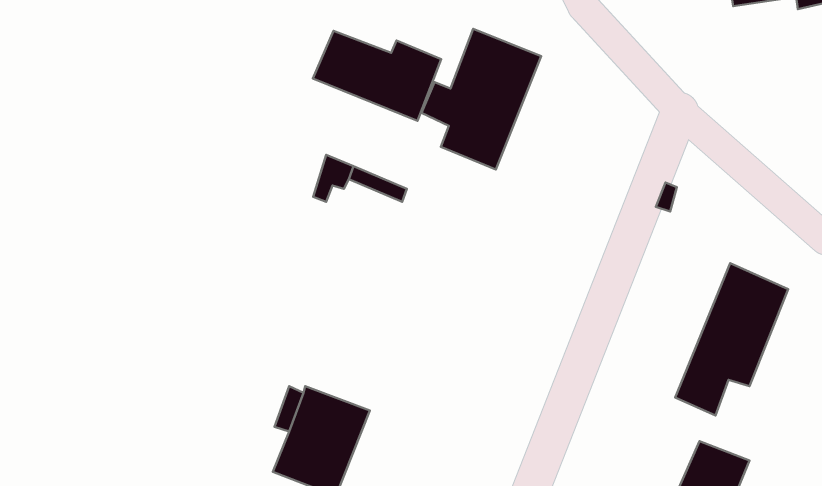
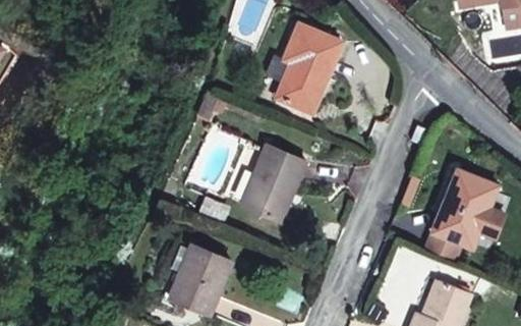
building: [313,31,441,121] -> none
building: none -> [238,153,300,229]

